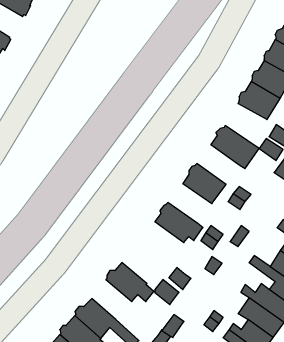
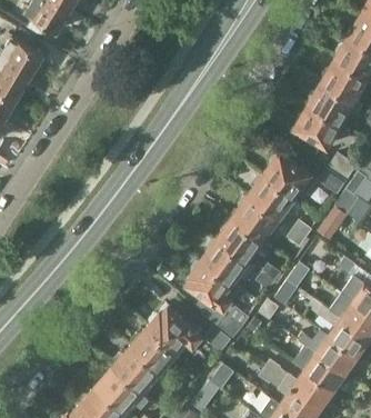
building: none -> [249,176,297,220]
building: none -> [217,219,265,263]
building: none -> [188,261,240,310]
building: none -> [132,326,177,370]

